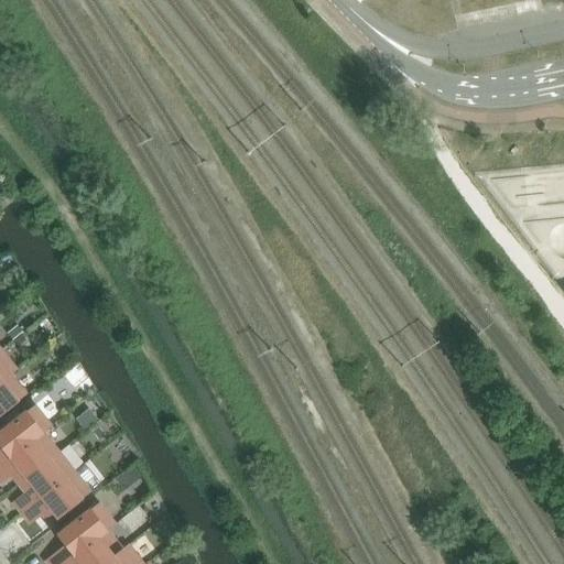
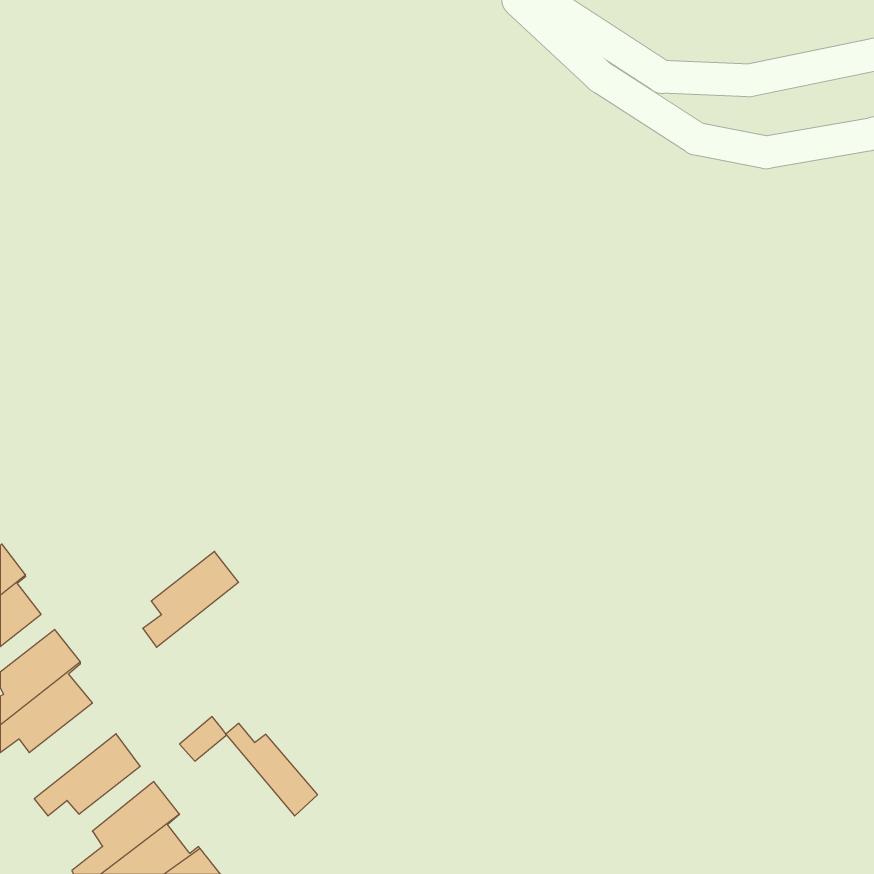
building: [13,453,75,514] -> [143,551,239,647]
building: none -> [226,723,317,816]

